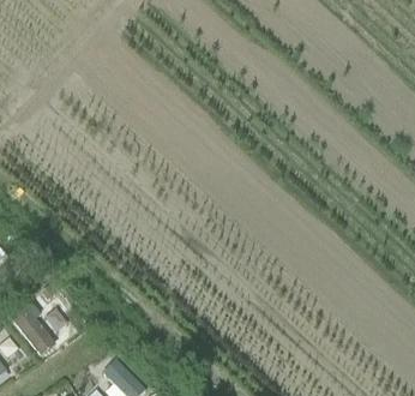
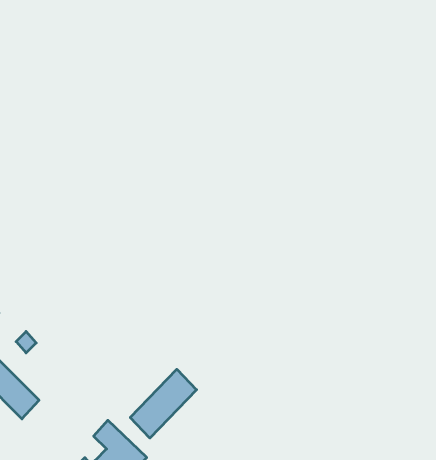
building: none -> [130,369,197,438]

